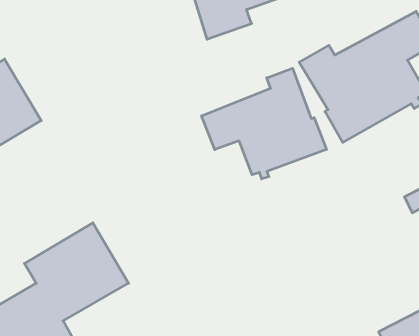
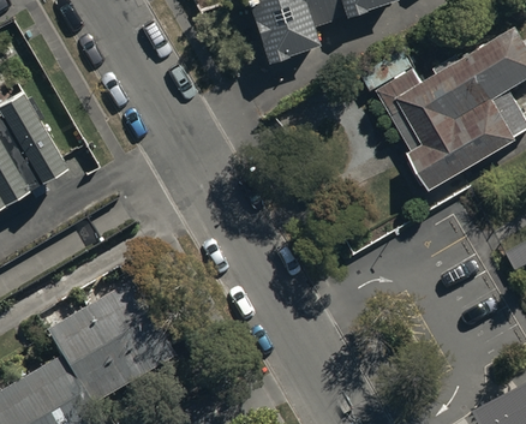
building: [202,68,326,179] -> none

